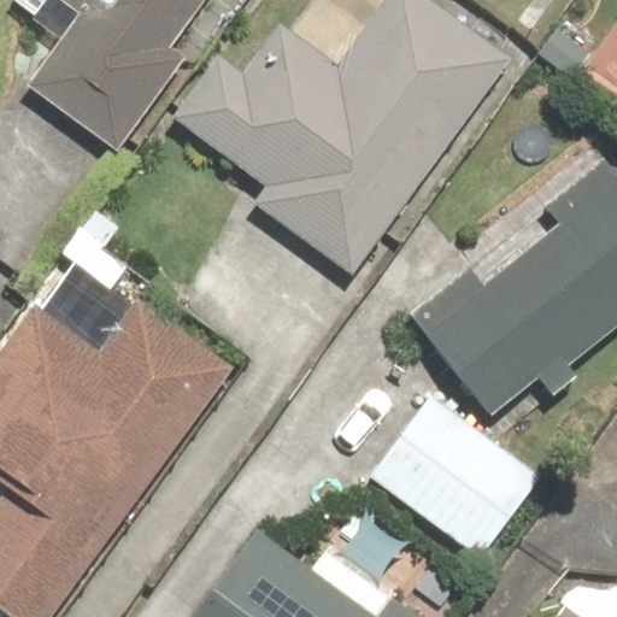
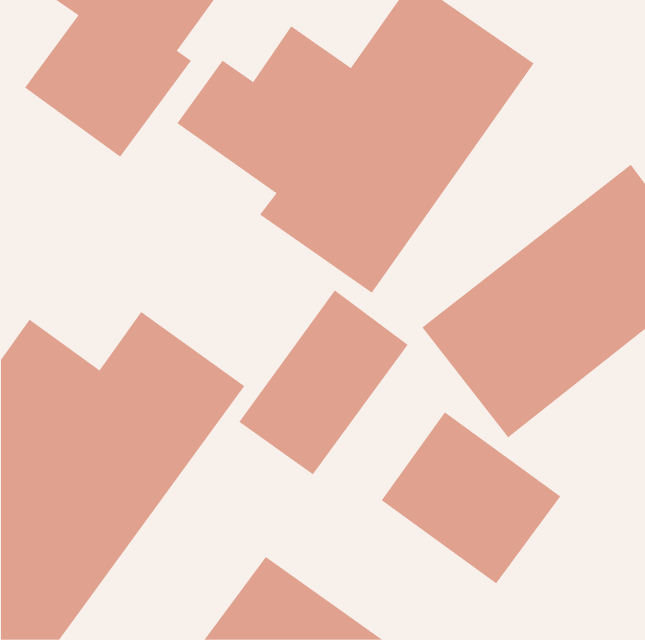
building: none -> [238,289,409,475]

